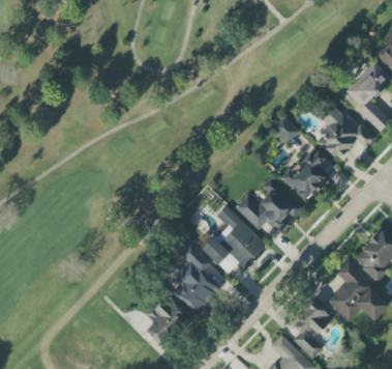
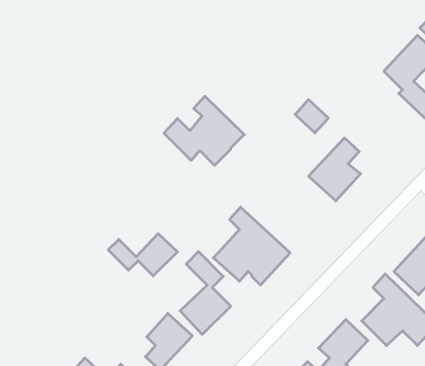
building: [315,105,375,159] -> none
building: [236,176,303,234] -> [164,96,244,165]
building: none -> [108,234,177,276]

